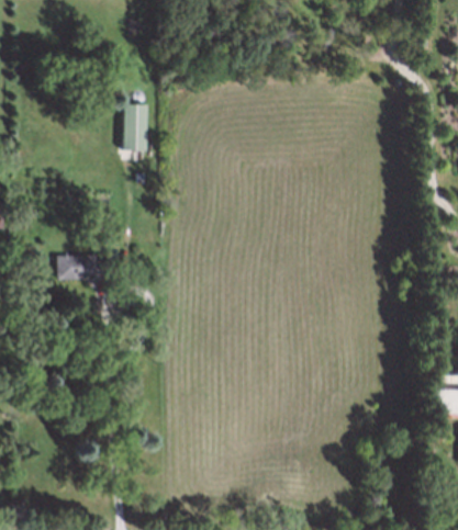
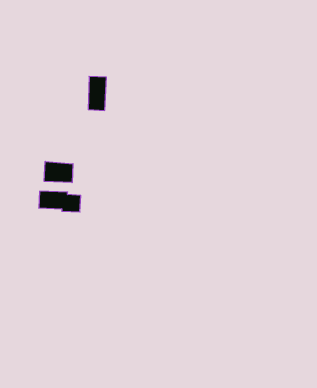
building: none -> [44,161,73,183]

